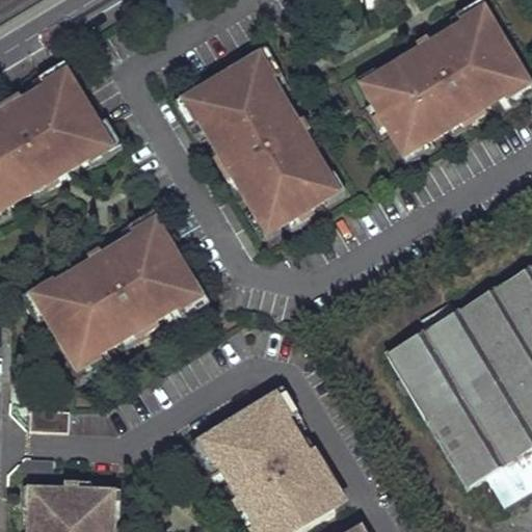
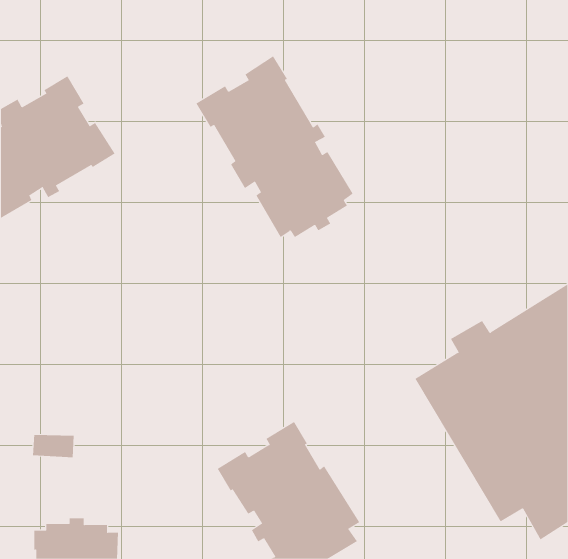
building: [368,5,525,145] -> none
building: [32,219,197,366] -> none

